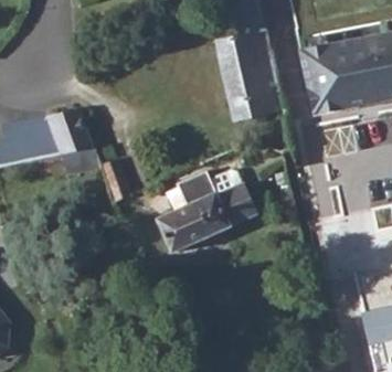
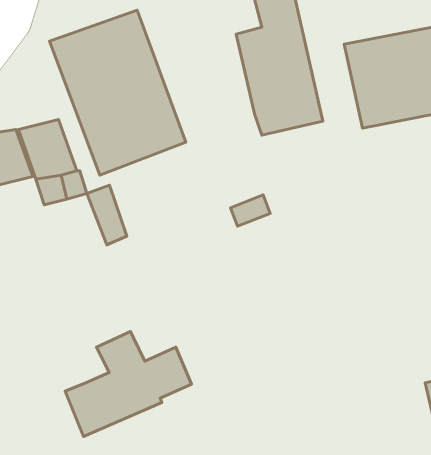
building: none -> [50,10,186,175]
building: [155,173,253,255] -> [65,331,192,437]

